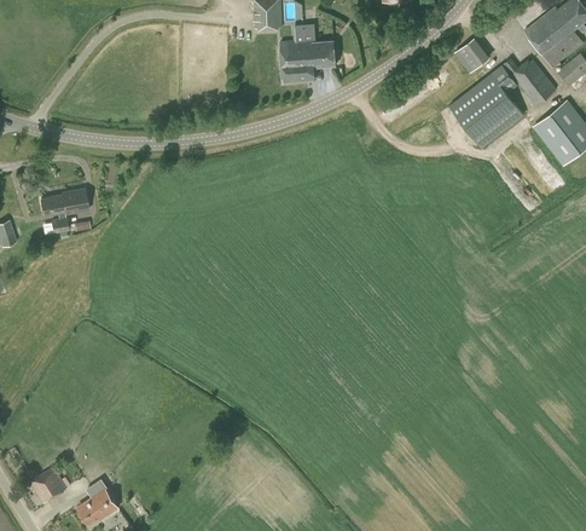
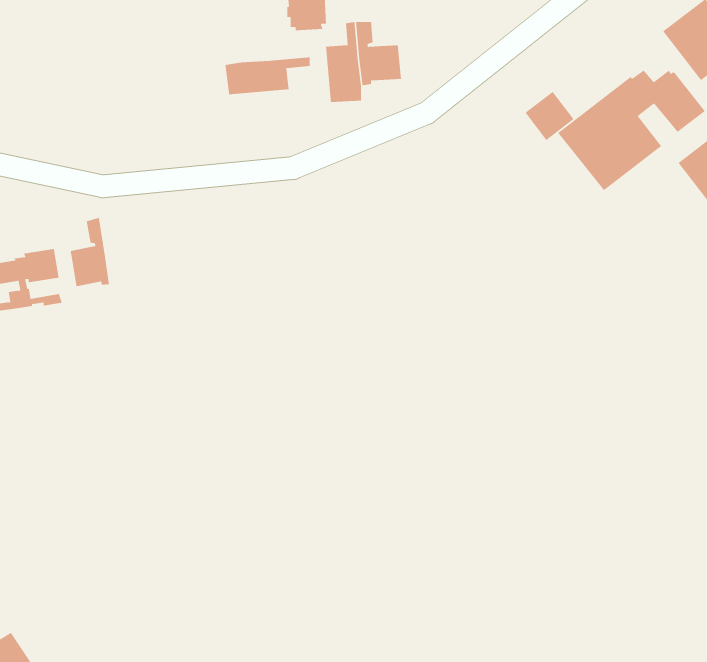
building: [453,36,489,73] -> [525,91,575,141]
building: none -> [225,57,310,95]
building: none -> [70,217,110,287]

